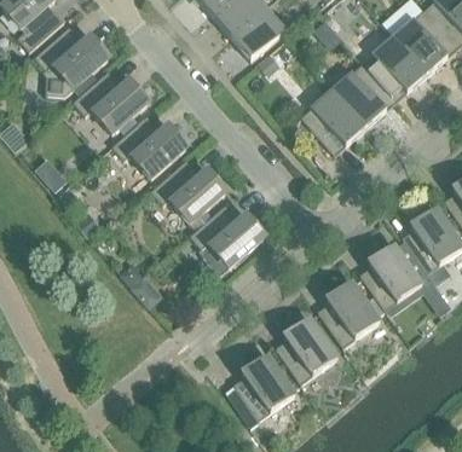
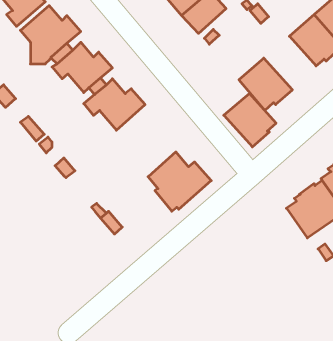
building: [331,60,395,126] -> [224,94,276,147]
building: [151,157,225,220] -> none
building: [317,278,380,344] -> none
building: [275,314,337,381] -> none
building: [224,352,295,423] -> none

